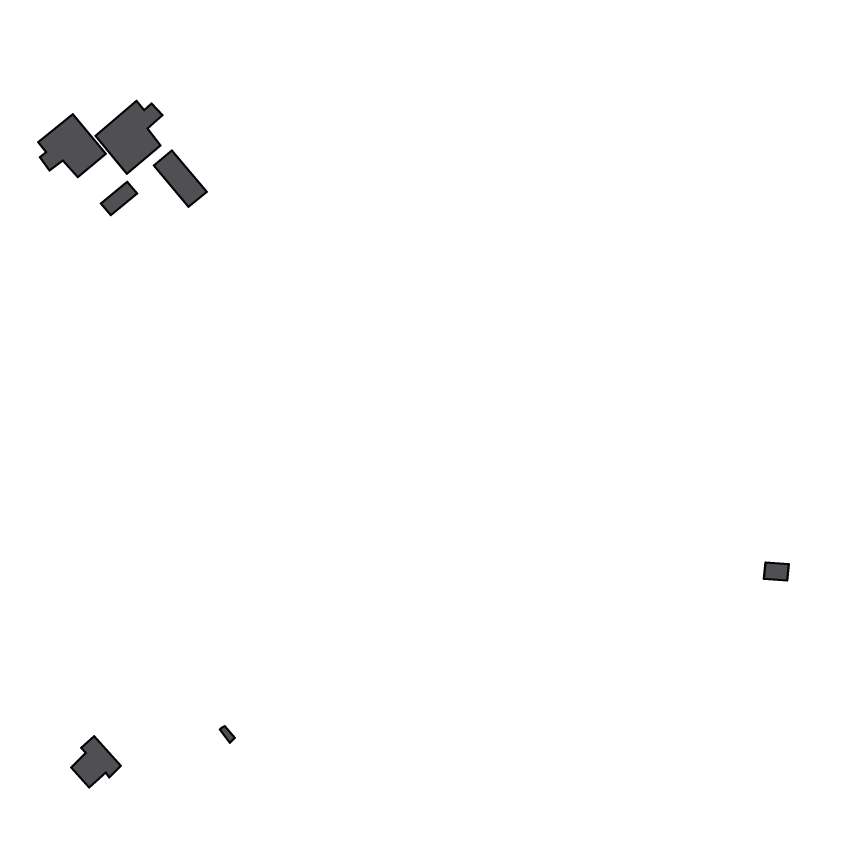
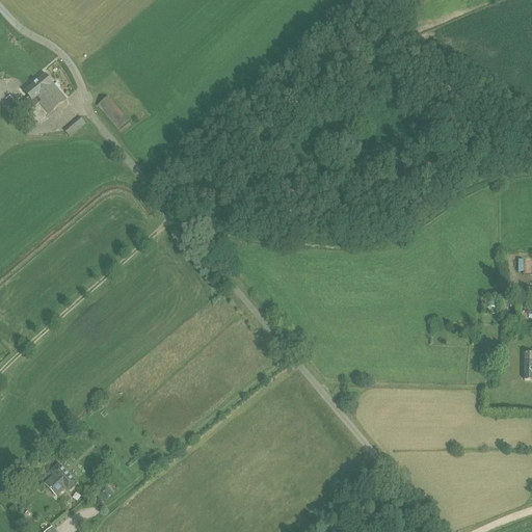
building: [95,101,162,174] -> none

